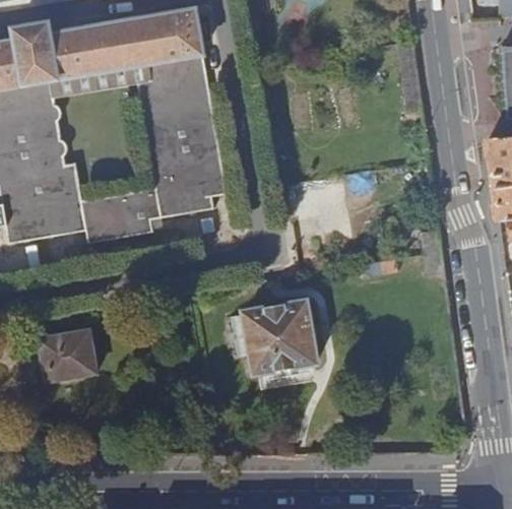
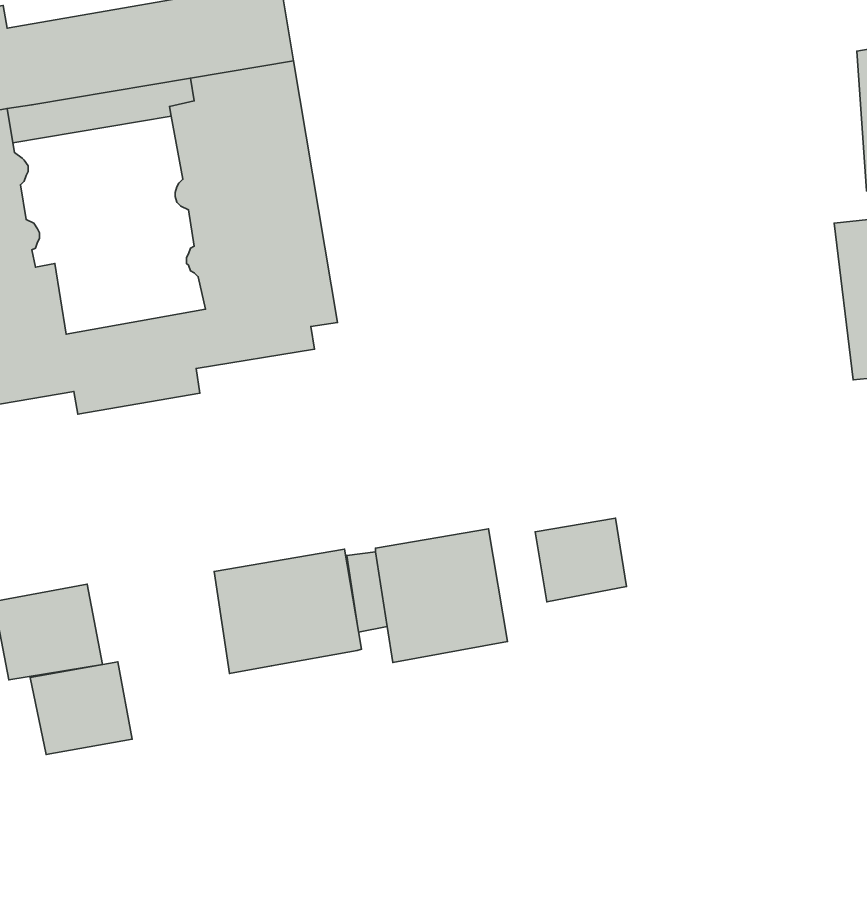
building: none -> [535,518,626,602]
building: none -> [214,549,361,673]
building: none -> [30,662,132,754]

